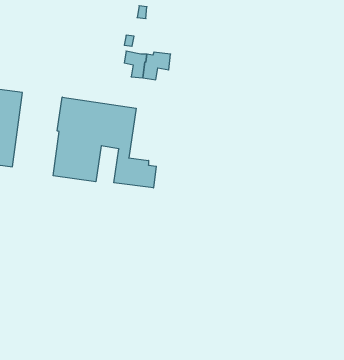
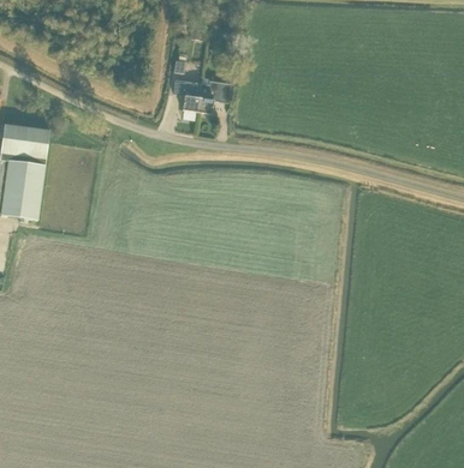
building: [53,97,156,188] -> none

